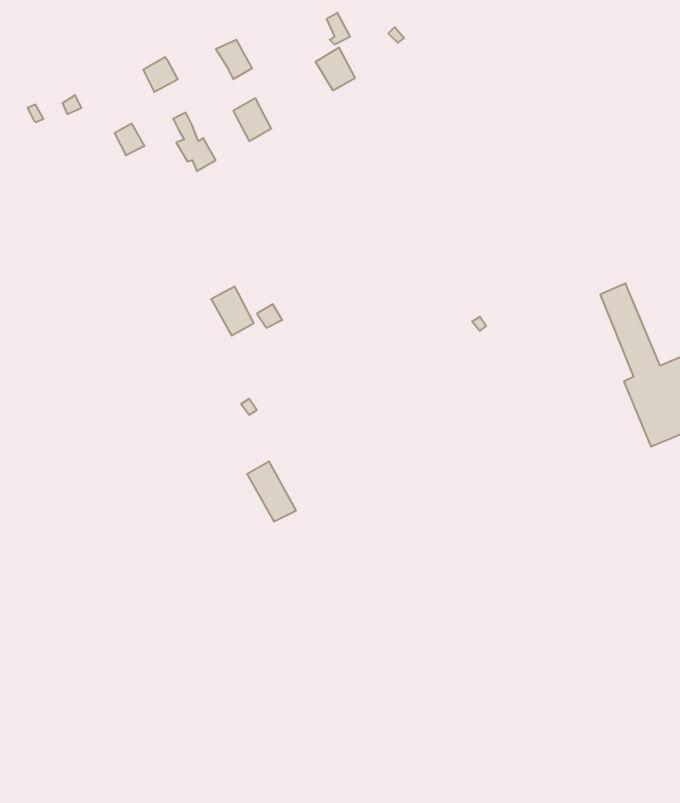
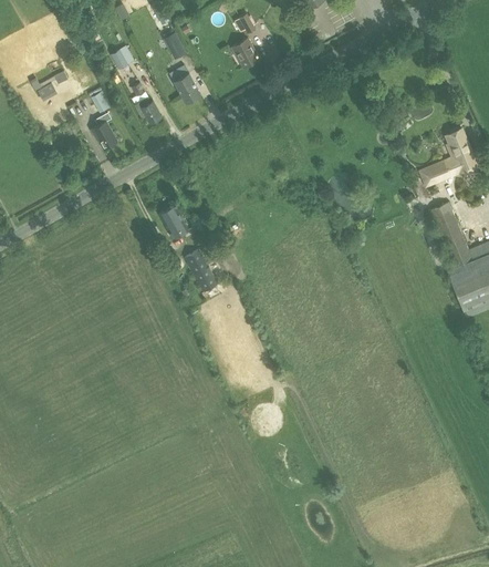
building: none -> [90,110,116,146]
building: none -> [418,127,478,185]
building: [247,461,296,522] -> [183,247,217,289]

